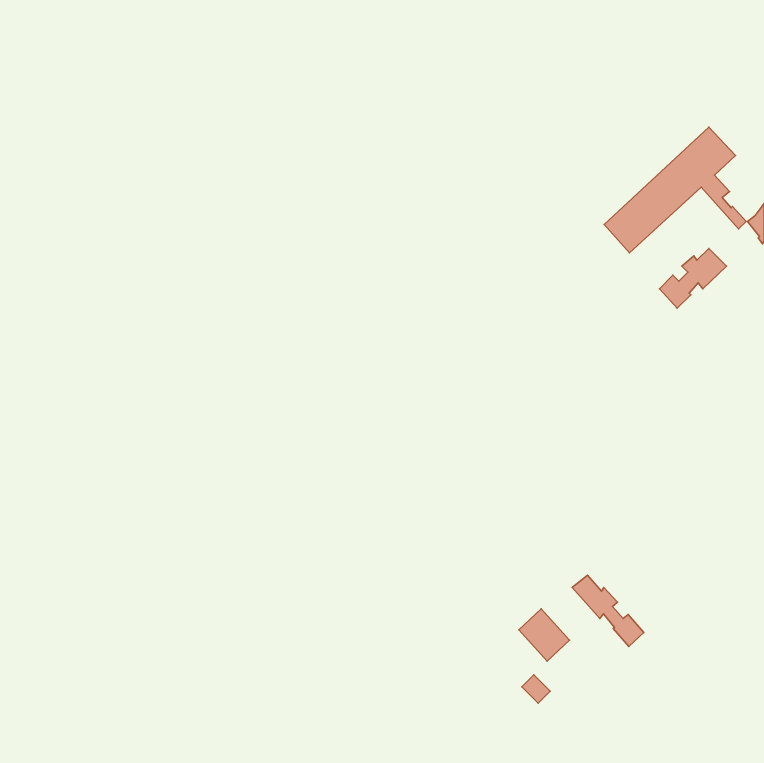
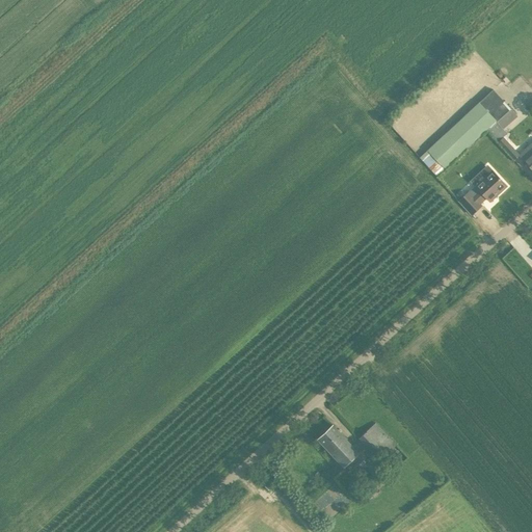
building: [572,575,644,647] -> none
building: none -> [318,425,358,467]

